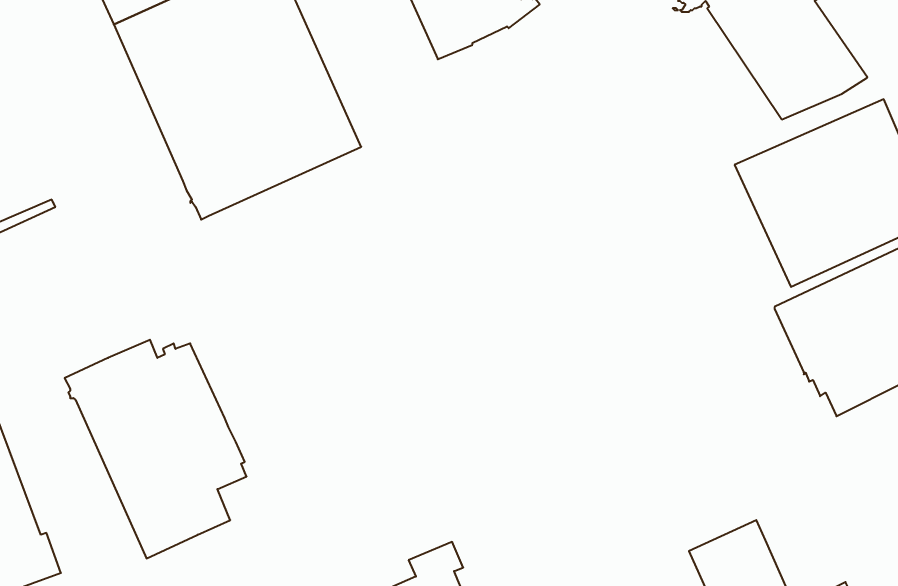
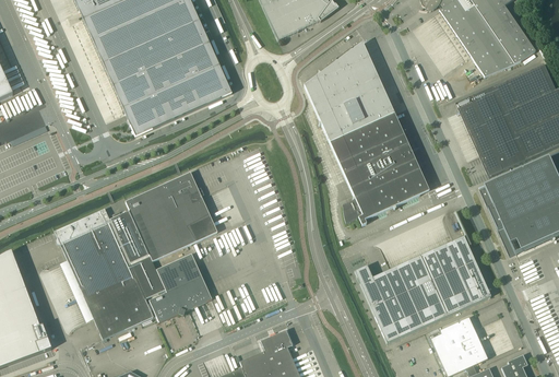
building: none -> [304,47,419,225]
building: none -> [126,170,217,260]
building: none -> [357,235,490,342]
building: none -> [148,252,212,322]

